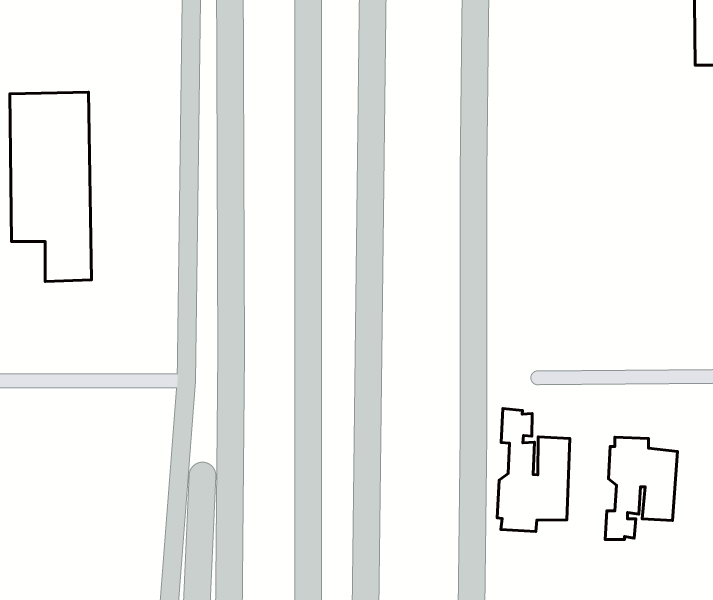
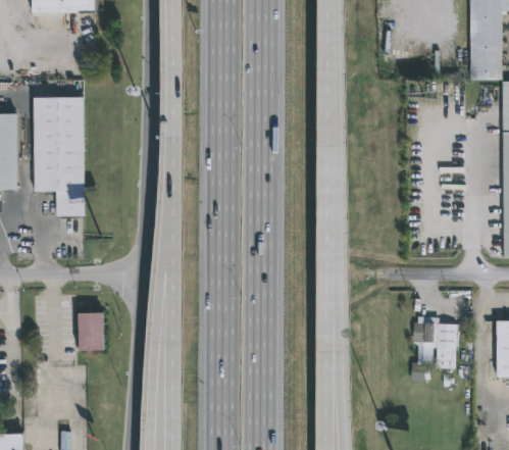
building: [497,408,570,532] -> none
building: none -> [78,313,104,351]

